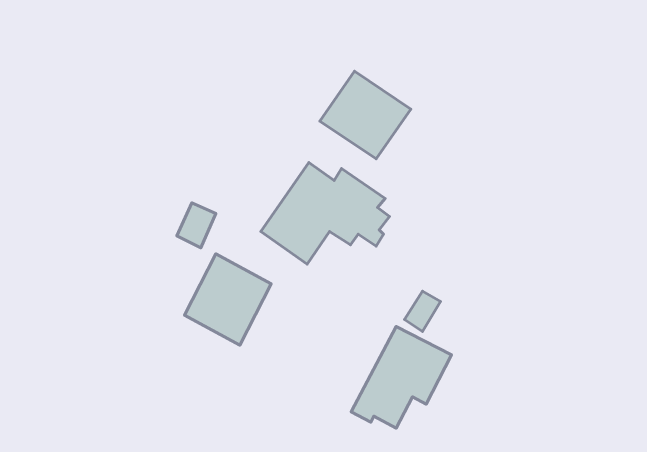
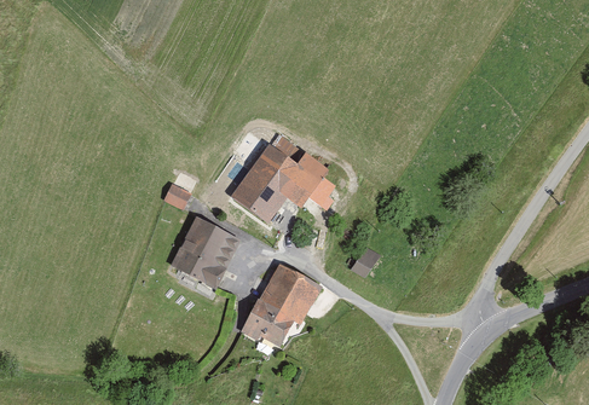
building: [320,71,411,159] -> none
building: [351,326,452,428] -> [241,265,322,347]

